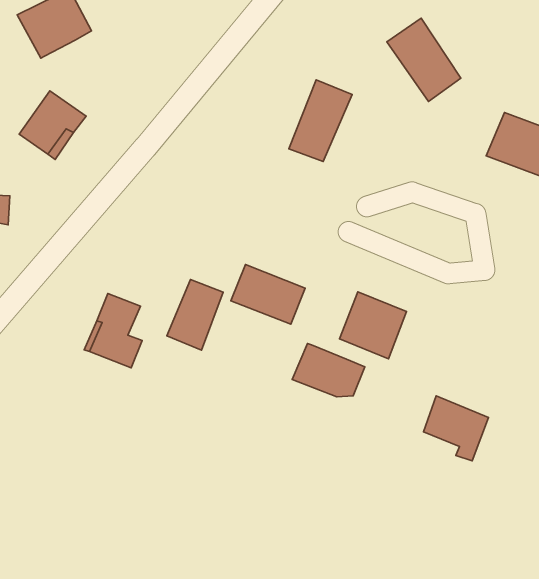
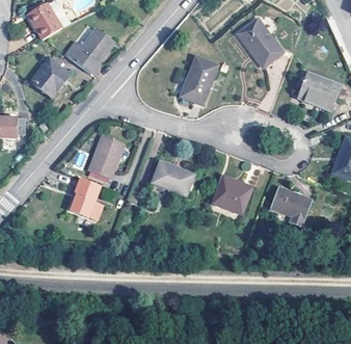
building: none -> [66,32,112,74]
building: [167,280,223,350] -> [89,136,122,177]
building: [292,343,365,397] -> none
building: [423,396,489,461] -> [271,187,308,224]

